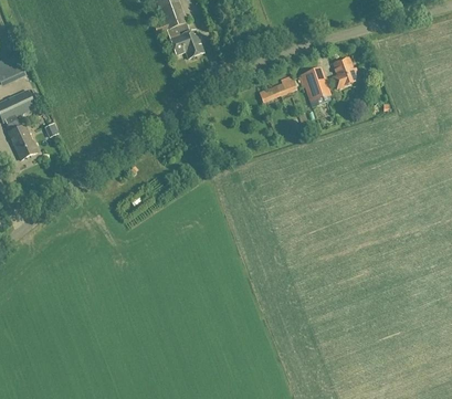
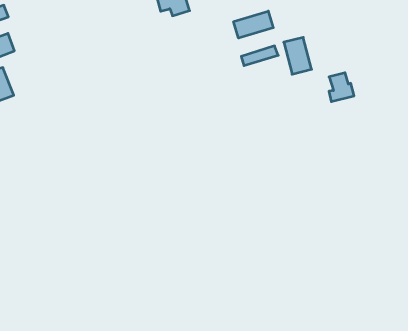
building: none -> [234,11,273,38]
building: [334,56,360,86] -> [329,73,354,102]

